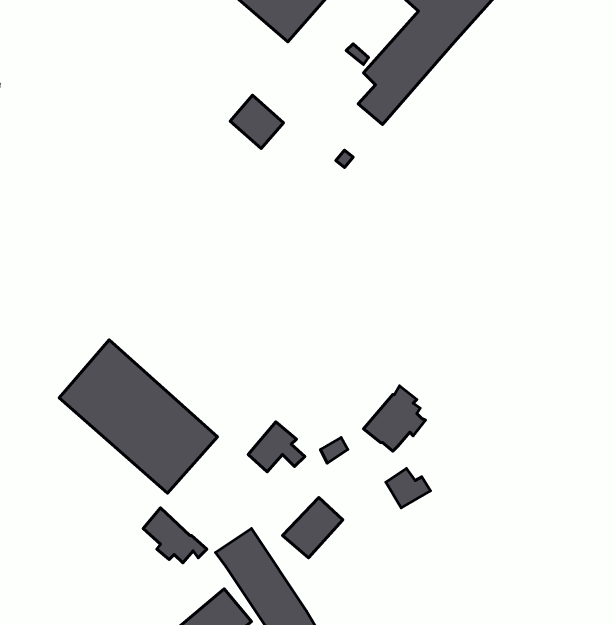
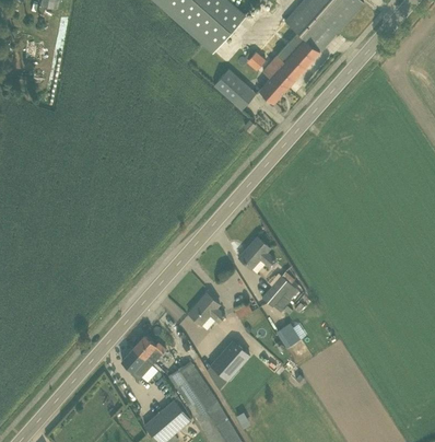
building: [230,95,284,149] -> [214,69,248,103]
building: none -> [239,236,274,269]
building: [59,340,218,493] -> none
building: none -> [133,335,166,365]

